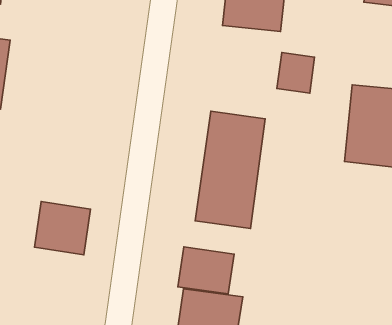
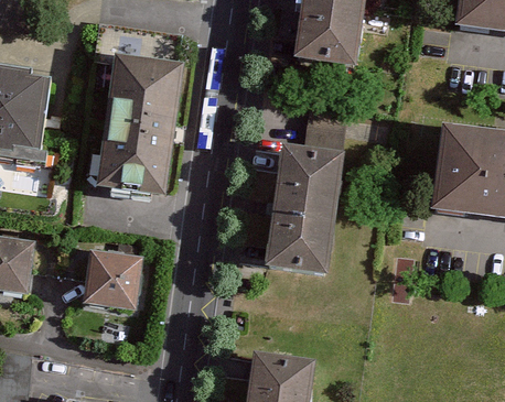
building: none -> [94,62,186,204]
building: [277,52,315,93] -> [304,108,347,154]
building: [178,247,234,294] -> none

